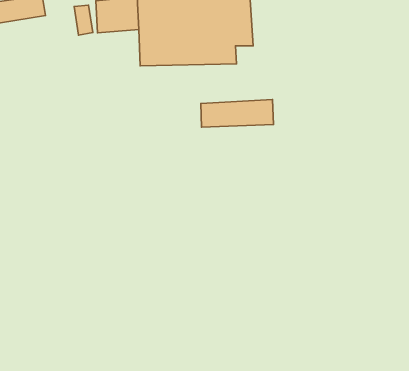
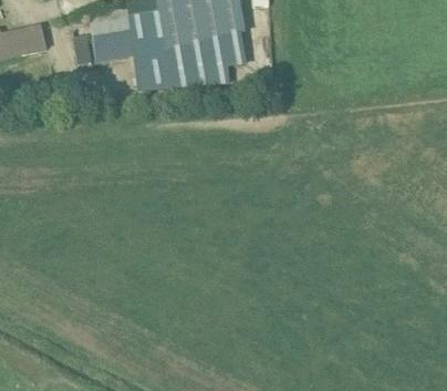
building: [201,100,274,127] -> none

